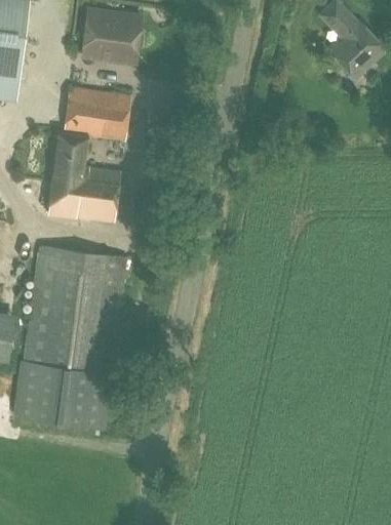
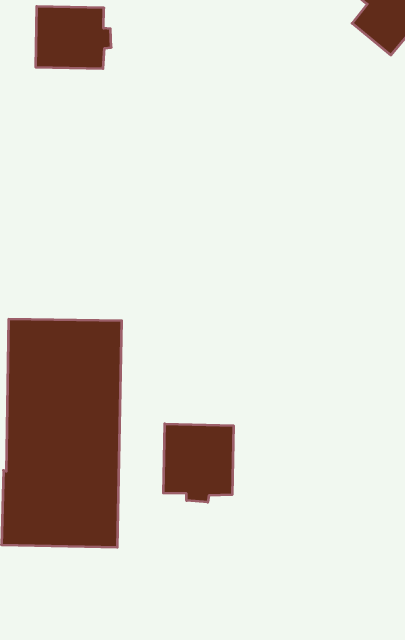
building: [48,87,130,220] -> none
building: none -> [163,424,233,502]

